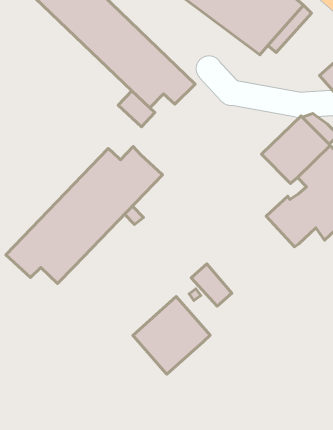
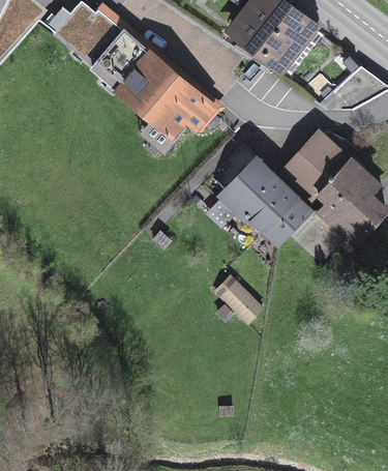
building: none -> [218,145,310,241]
building: [6,146,162,283] -> none
building: [133,296,210,374] -> none

